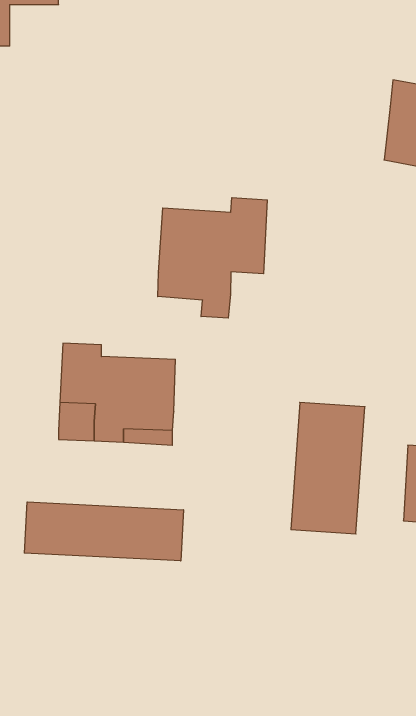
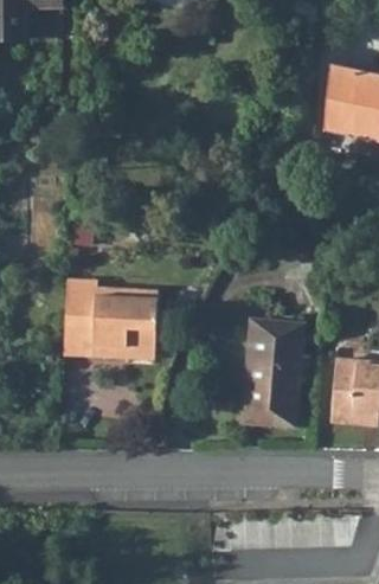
building: [158,198,267,318] -> none
building: [24,502,183,561] -> none

